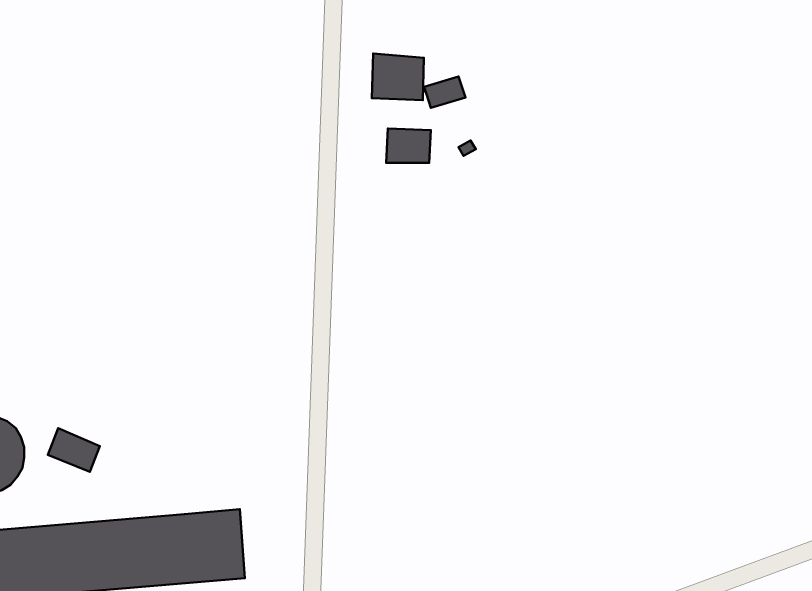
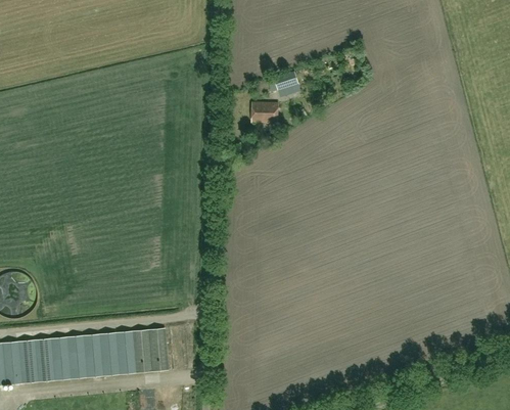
building: [372,54,424,100] -> none
building: [48,428,100,472] -> none

